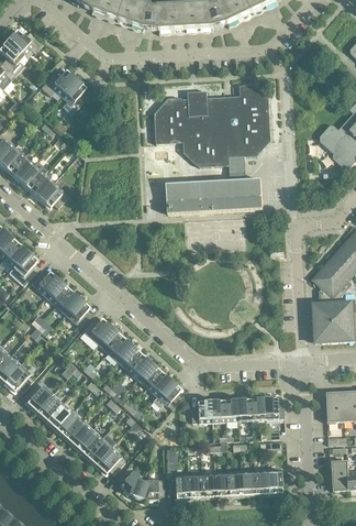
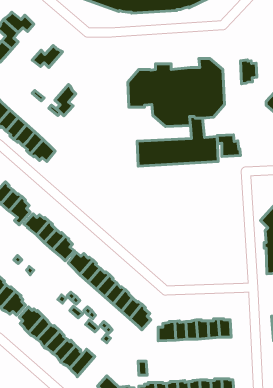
building: [60,77,86,114] -> [55,85,76,116]
building: none -> [241,60,257,84]
building: none -> [217,135,241,156]
building: [94,446,125,474] -> none

